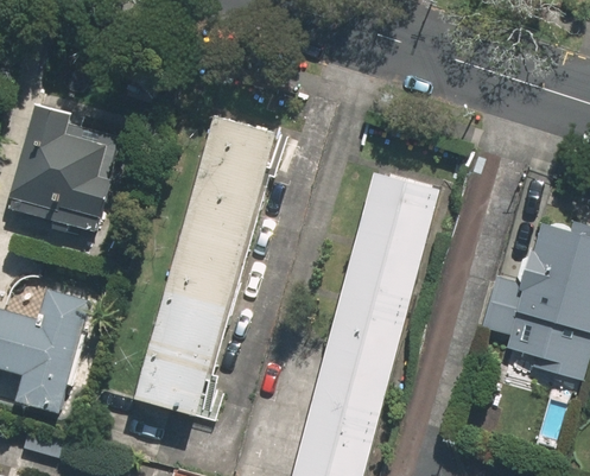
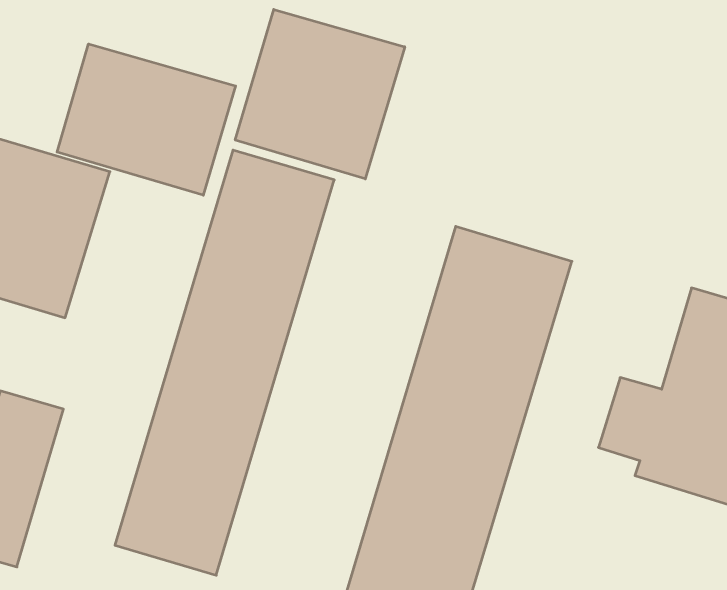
building: none -> [235,9,405,179]
building: none -> [57,44,236,195]

